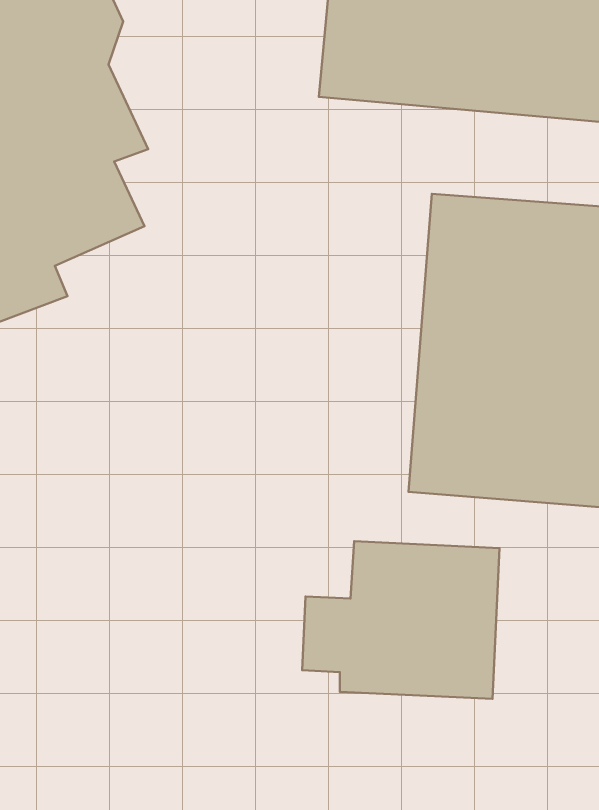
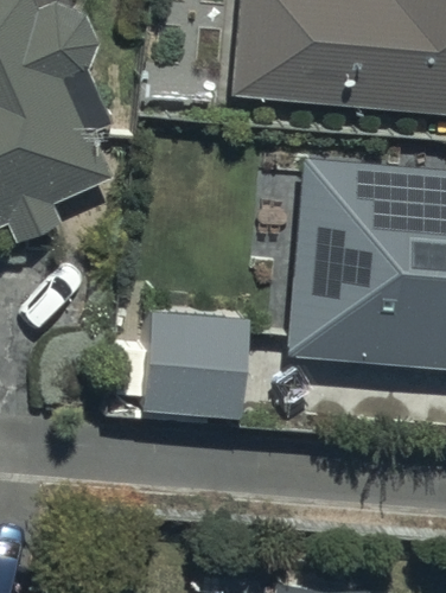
building: [302,541,500,699] -> [116,311,247,415]

